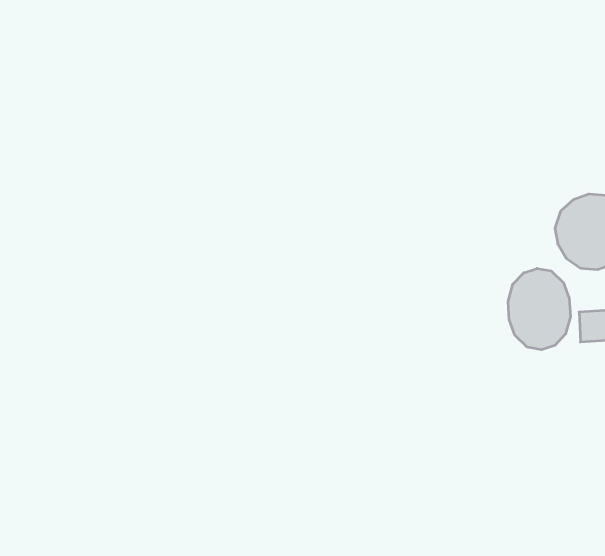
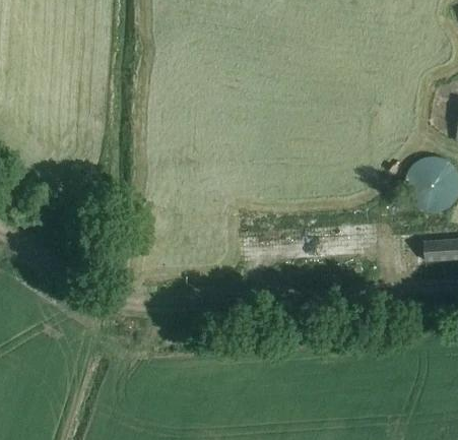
building: [508,268,570,350] -> none

